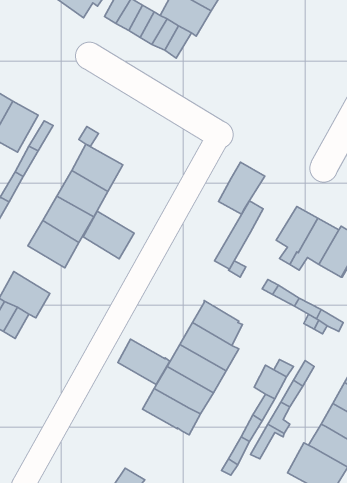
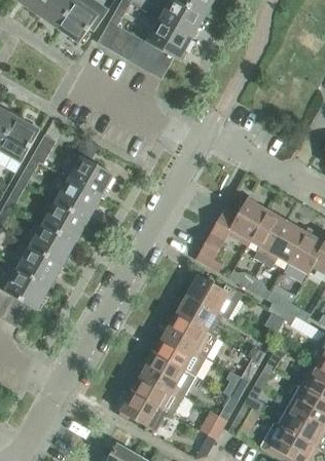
building: [218,162,265,214] -> [227,198,268,244]
building: [83,211,134,259] -> [17,245,63,287]
building: none -> [186,274,243,318]
building: [118,339,170,384] -> [120,390,167,430]

